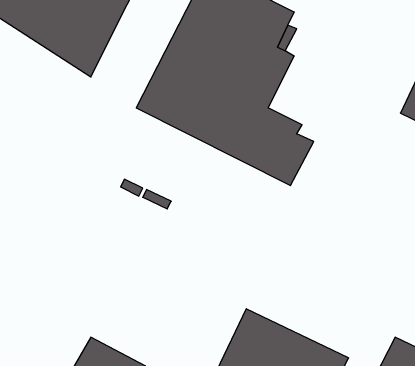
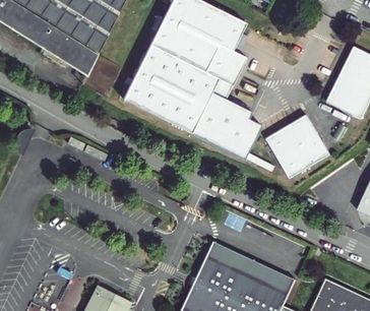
building: none -> [267,115,331,178]
building: none -> [207,240,296,295]

